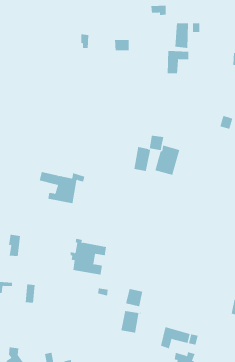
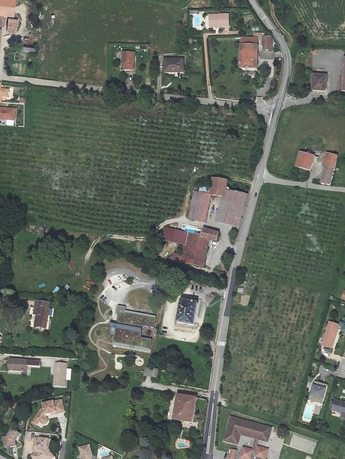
building: [167,50,189,74] -> none
building: [39,172,85,204] -> [161,226,219,266]
building: none -> [177,300,198,325]
building: [126,287,143,307] -> none
building: none -> [33,398,65,423]

